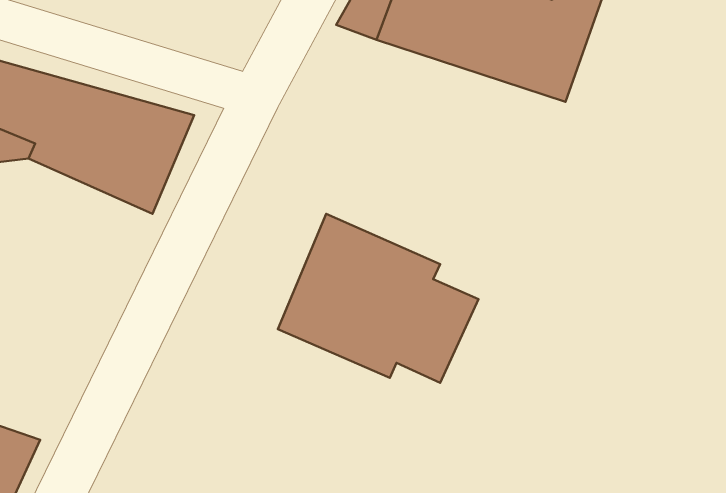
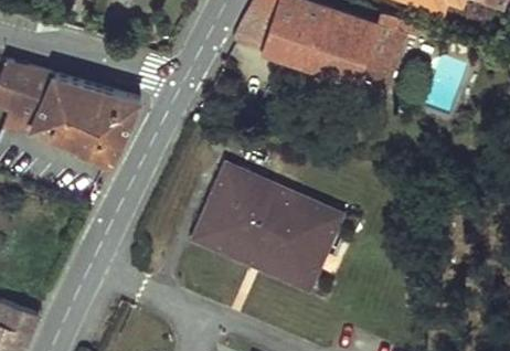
building: none -> [267,199,340,290]

